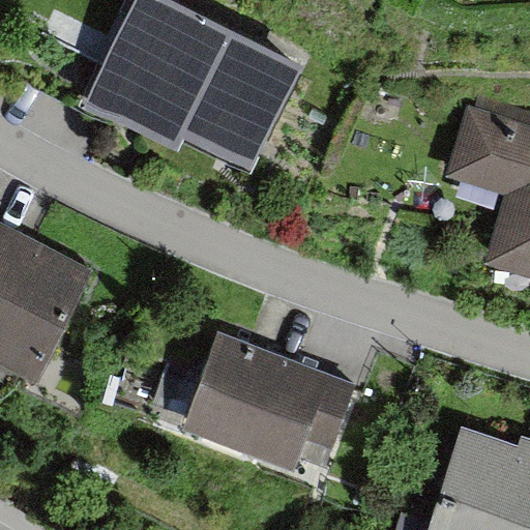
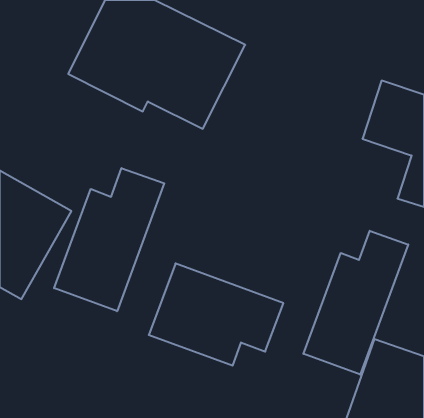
building: none -> [54,168,164,311]
building: none -> [303,231,408,375]

